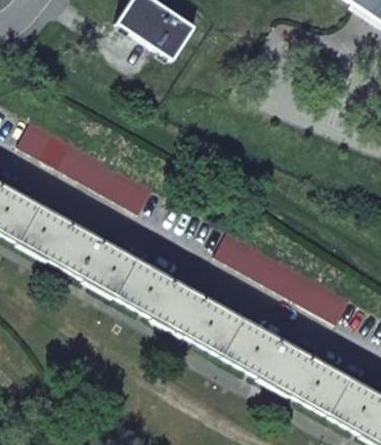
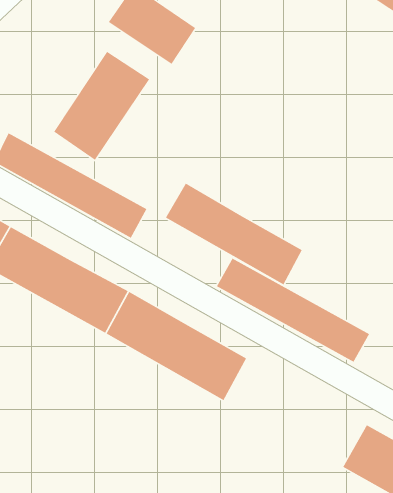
building: none -> [53,51,150,161]
building: none -> [165,183,303,285]
building: [220,319,346,415] -> none

